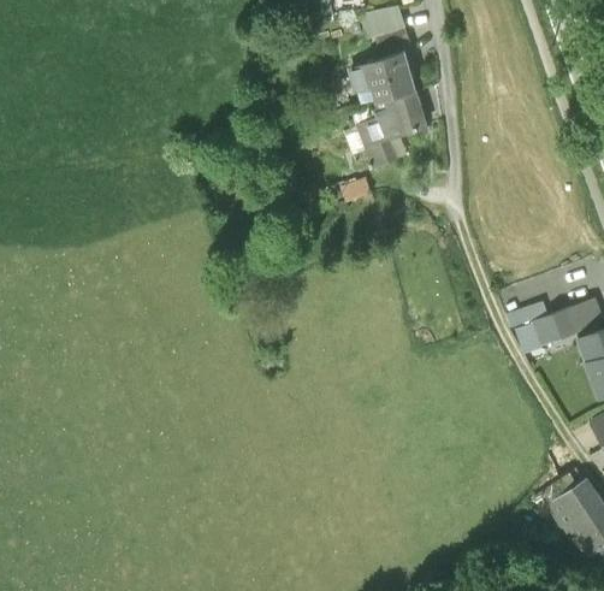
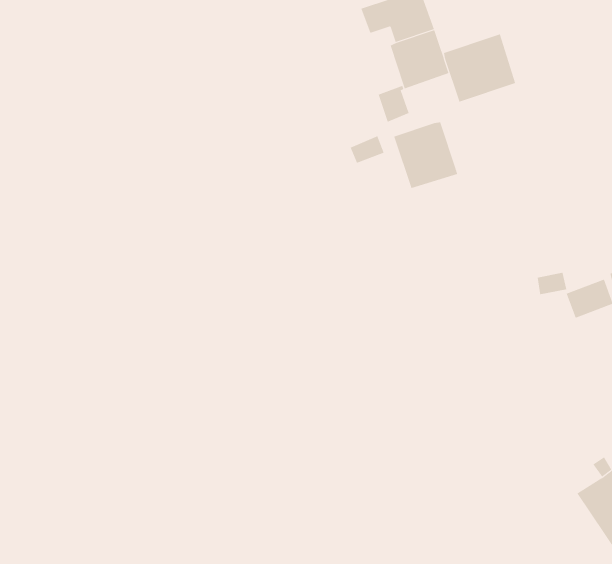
building: none -> [443,33,516,103]
building: none -> [394,122,458,189]

